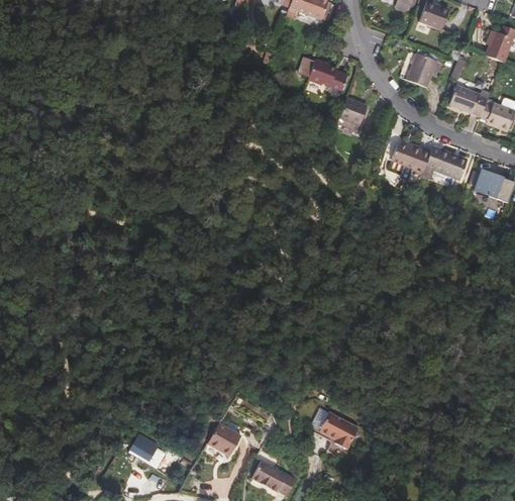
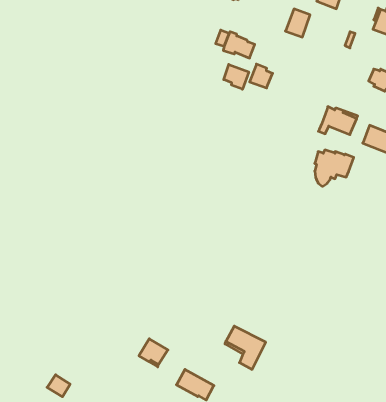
building: [407,53,436,86] -> [285,9,310,37]
building: [450,84,489,116] -> none
building: none -> [224,64,249,89]
building: [385,141,431,185] -> [315,150,354,186]
building: [131,432,159,459] -> [47,375,70,397]

